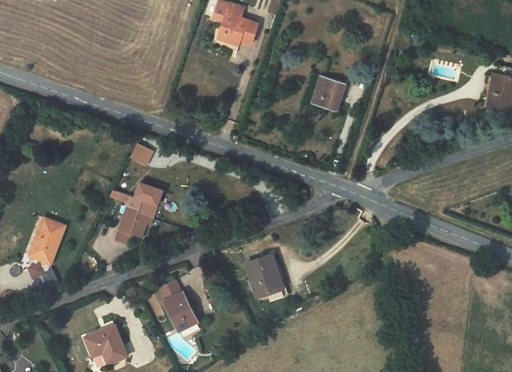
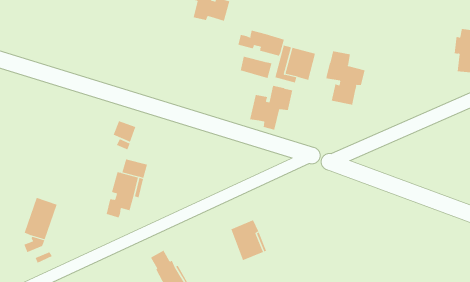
building: none -> [238,30,285,57]
building: none -> [325,50,365,105]
building: none -> [240,56,272,79]
building: none -> [249,85,293,130]

